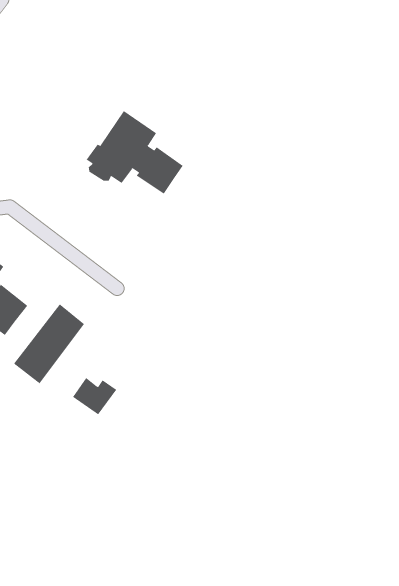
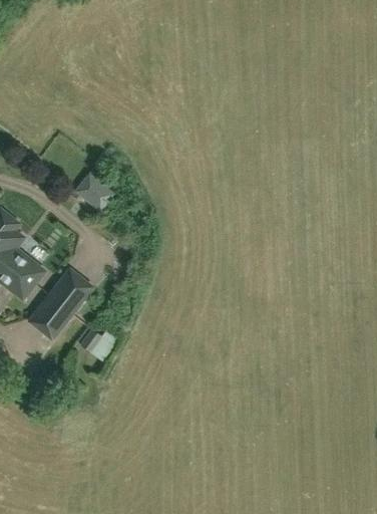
building: [86,110,184,194] -> none
building: none -> [82,176,122,215]

